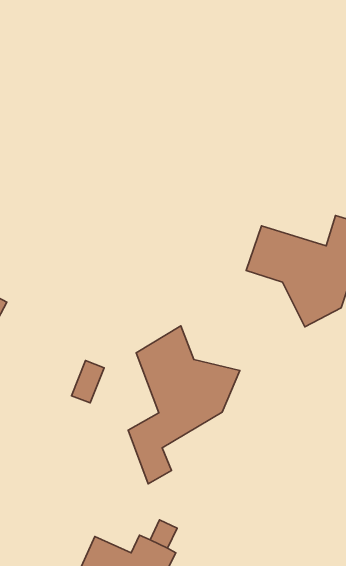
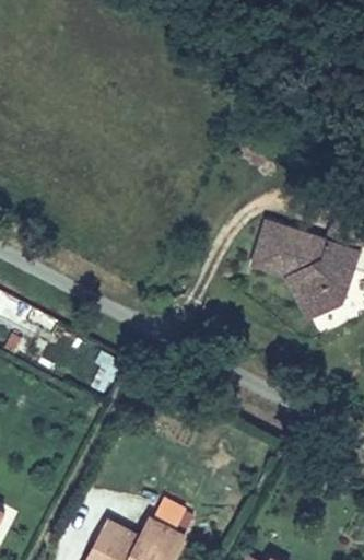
building: [128,326,240,484] -> none

